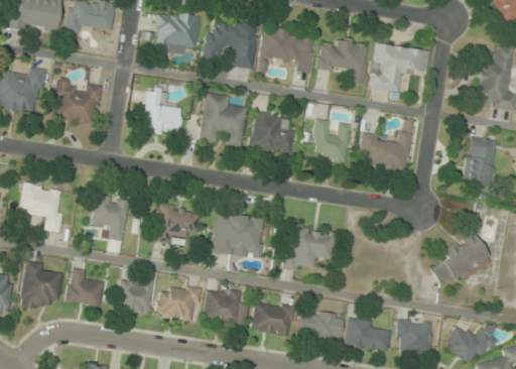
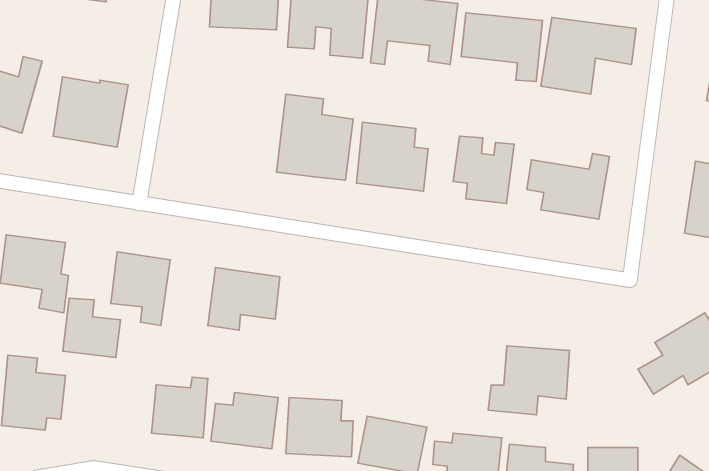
building: [143,86,183,136] -> none
building: [212,212,264,257] -> none
building: [282,226,335,270] -> [488,346,569,415]
building: [66,268,103,306] -> [63,298,121,358]

